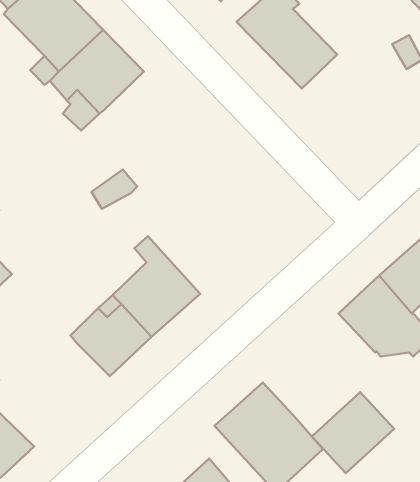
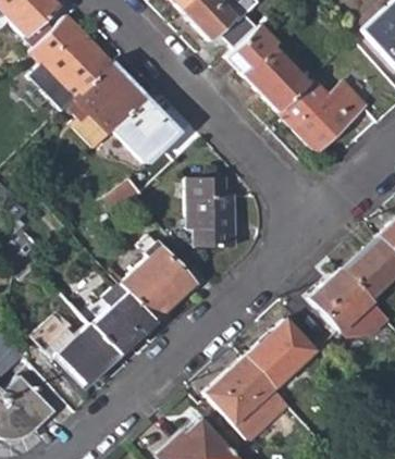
building: none -> [280,80,368,151]
building: none -> [114,98,178,161]
building: none -> [187,178,236,247]
building: none -> [34,315,120,387]
building: [312,392,394,473] -> [247,320,316,387]

